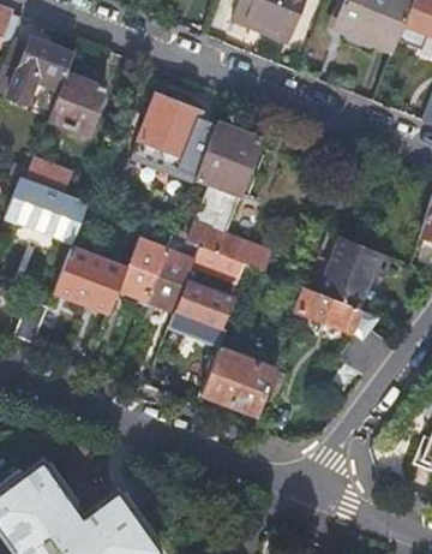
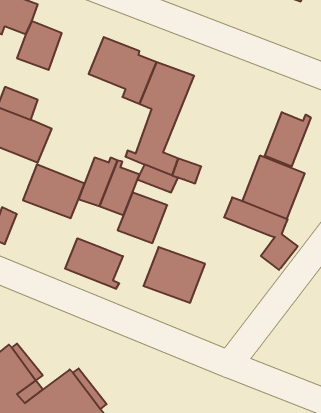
building: none -> [265,112,311,167]
building: none -> [65,238,123,289]

